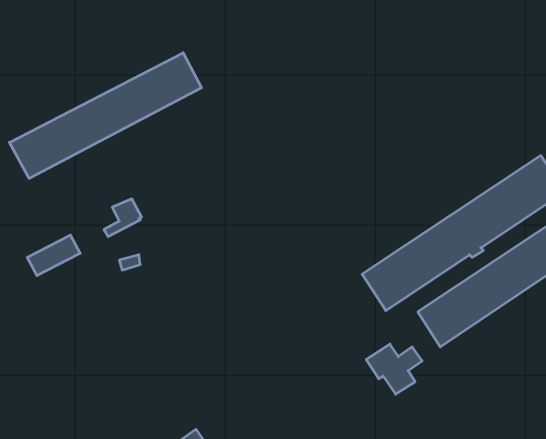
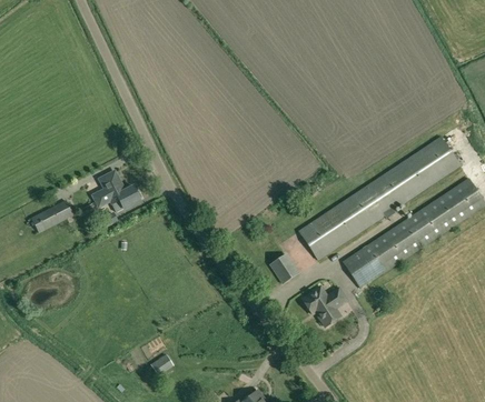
building: [9,53,201,178] -> none
building: none -> [96,184,141,208]
building: none -> [269,252,299,283]

